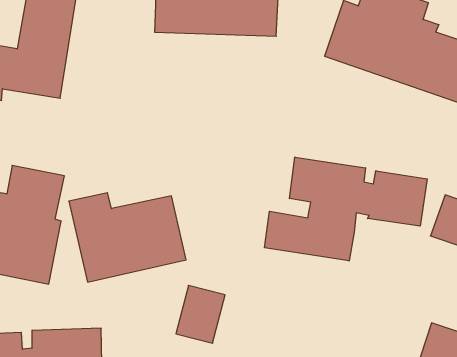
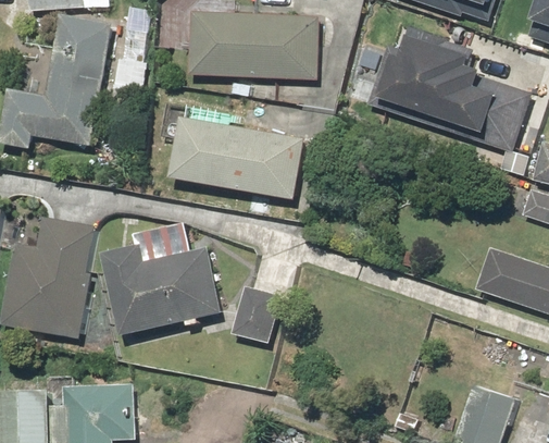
building: none -> [169,119,304,200]
building: [265,157,427,261] -> none
building: [176,285,225,343] -> [230,284,282,344]

